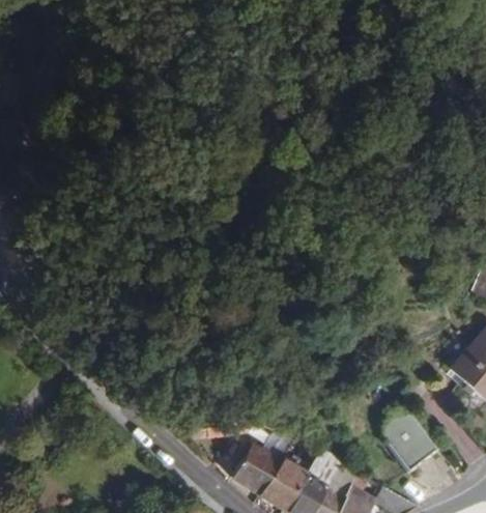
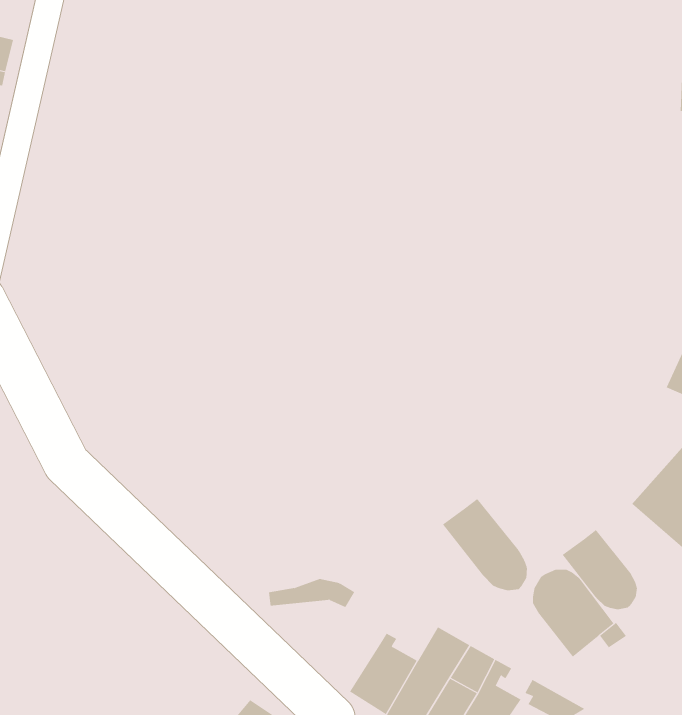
building: none -> [442,498,527,591]
building: none -> [562,529,637,610]
building: [233,445,283,495] -> none

